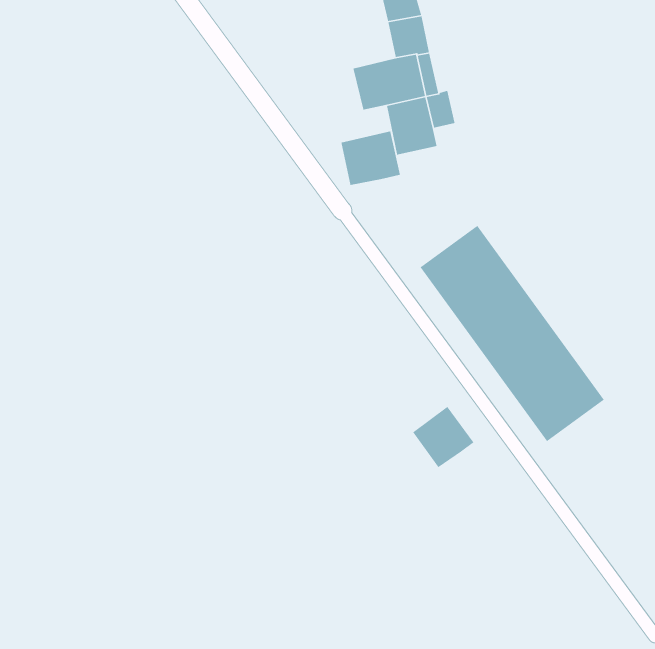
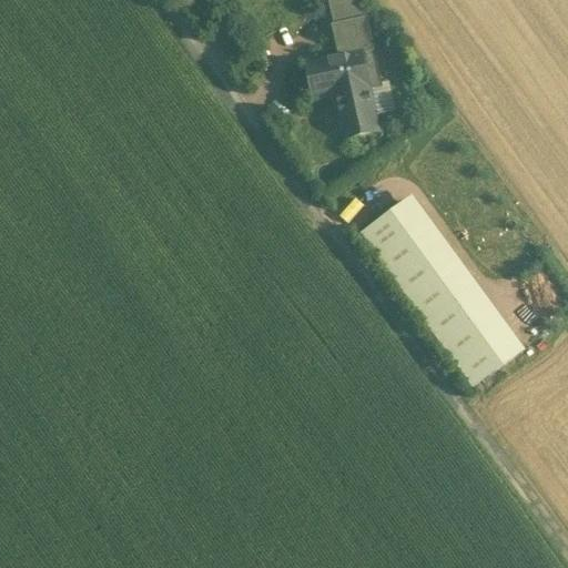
building: [340,131,401,186] -> none
building: [412,406,474,468] -> none

